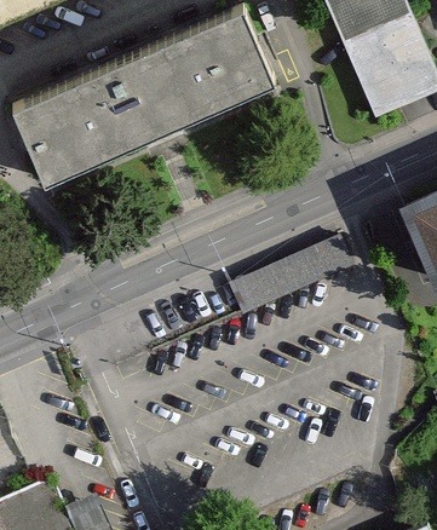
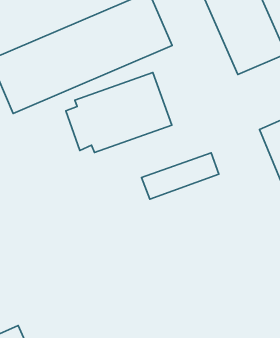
building: none -> [66,72,172,152]

